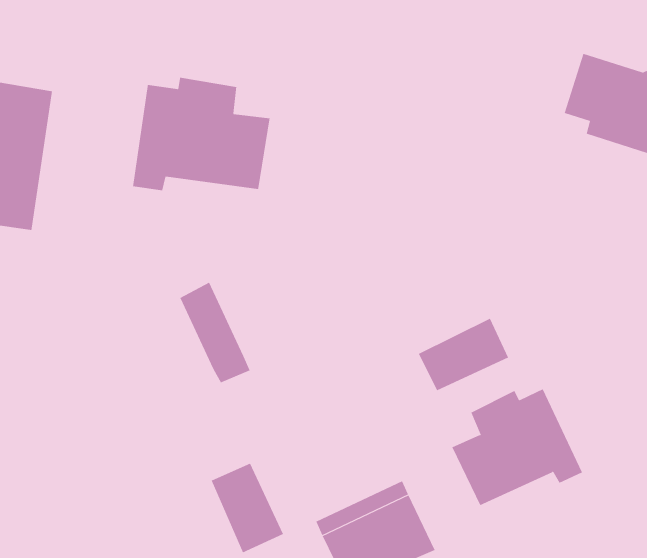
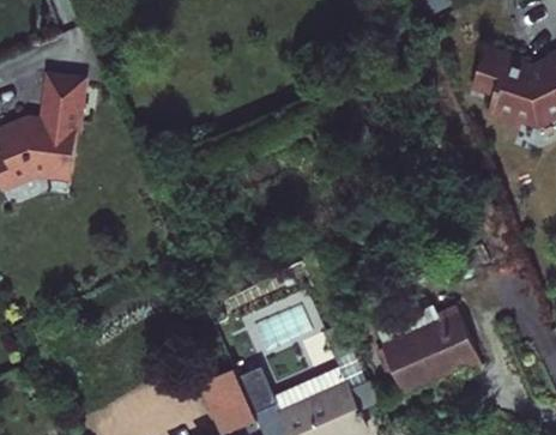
building: [132,77,270,191] -> none
building: [179,282,251,383] -> [232,350,286,427]
building: [418,318,509,391] -> none

